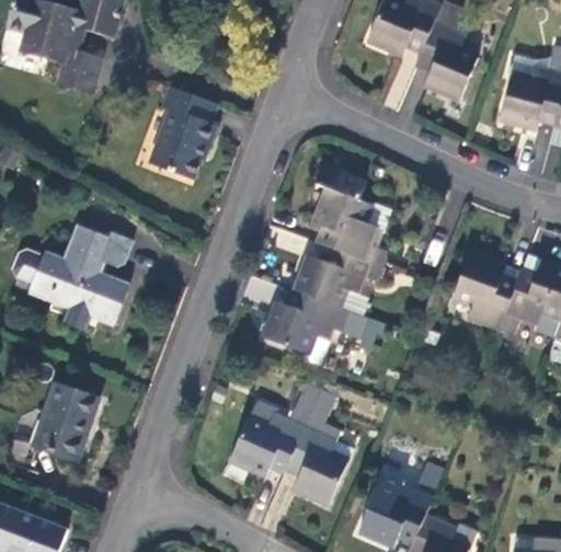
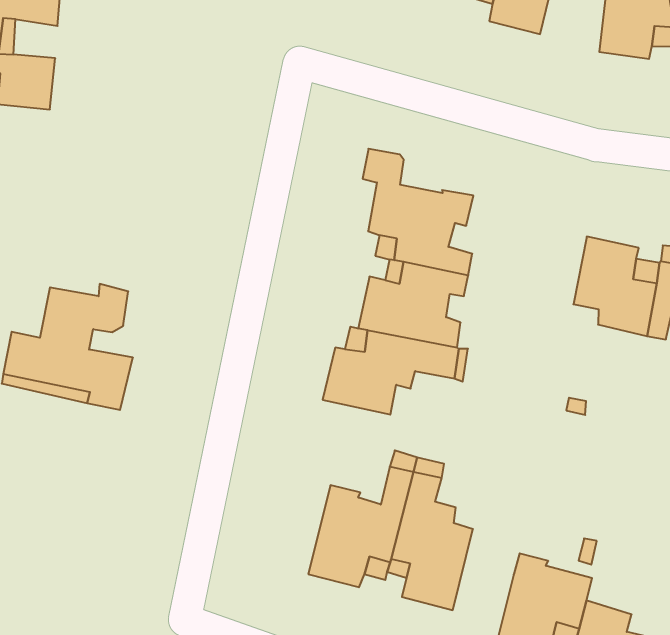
building: [148,84,217,180] -> none
building: [32,382,96,460] -> none

